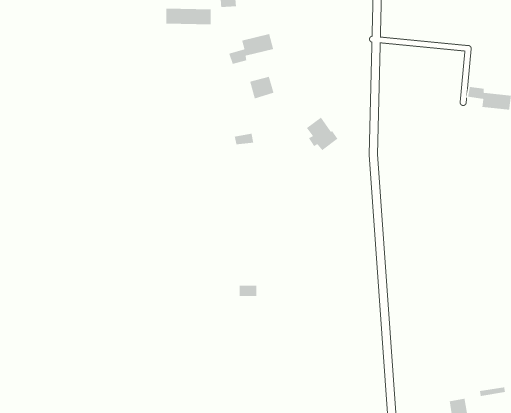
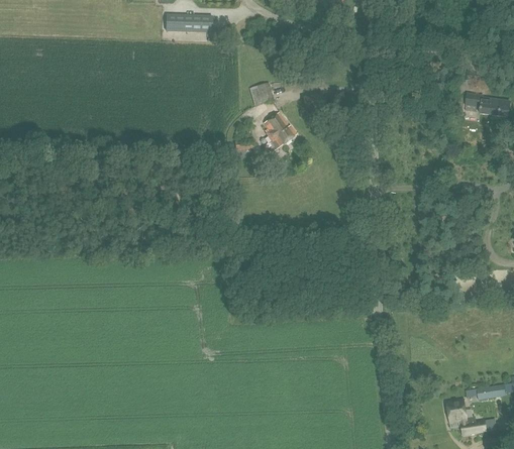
building: [228,33,274,65] -> none
building: [306,116,338,151] -> [263,111,295,145]

